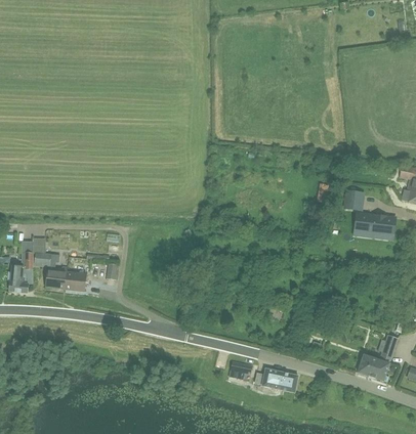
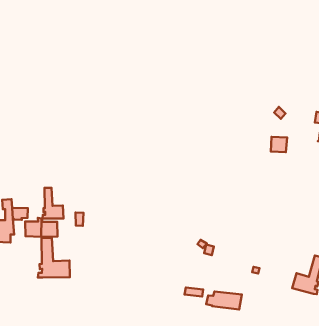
building: [355,214,394,234] -> none
building: none -> [42,188,63,219]
building: none -> [38,238,70,278]

